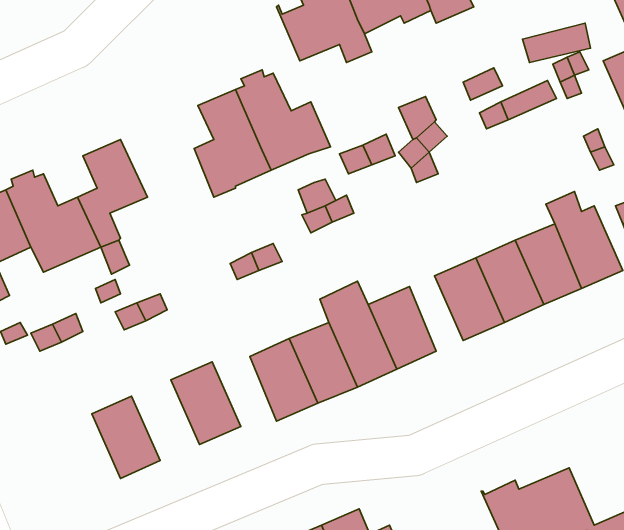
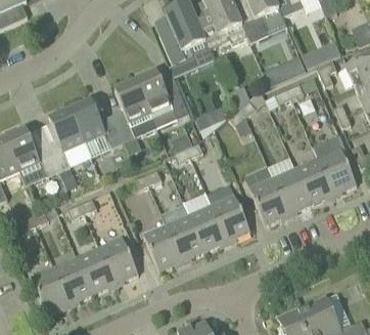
building: none -> [70,99,123,155]
building: none -> [76,246,114,292]
building: none -> [31,265,70,312]

